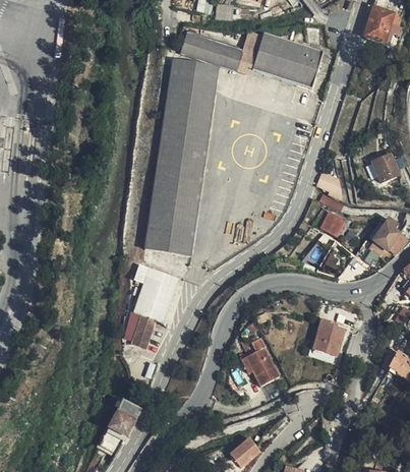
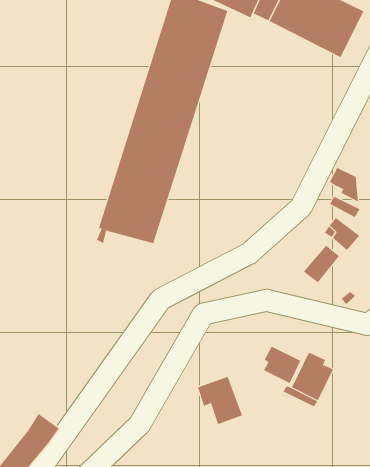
building: [130,263,178,348] -> none
building: none -> [263,346,301,384]

